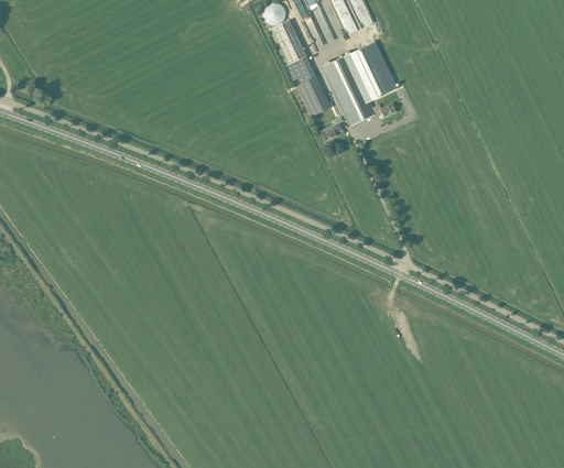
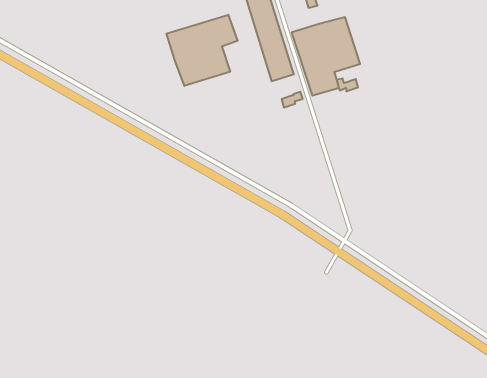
building: none -> [166,15,237,86]

